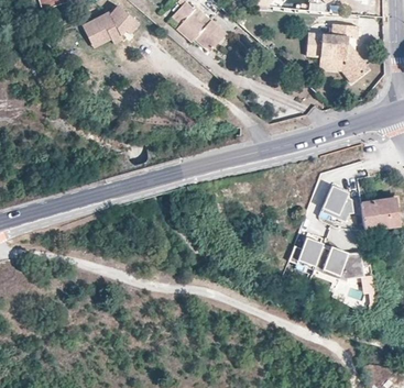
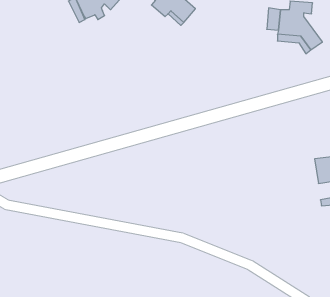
building: [321,187,353,221] -> none
building: [288,236,363,278] -> none

